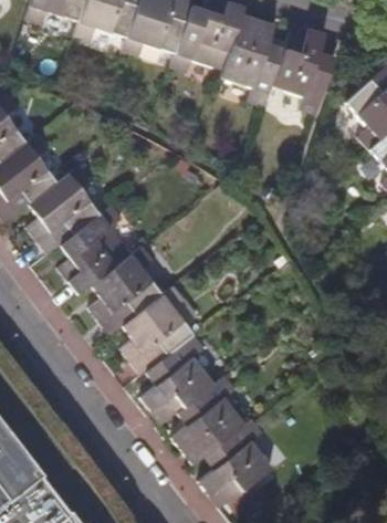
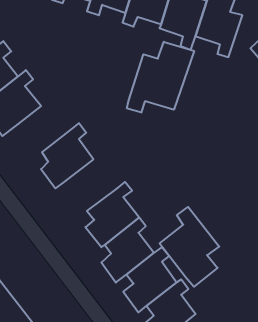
building: none -> [127,42,194,113]
building: [28,166,101,254] -> none
building: [91,245,164,335] -> none
building: none -> [160,207,219,287]

